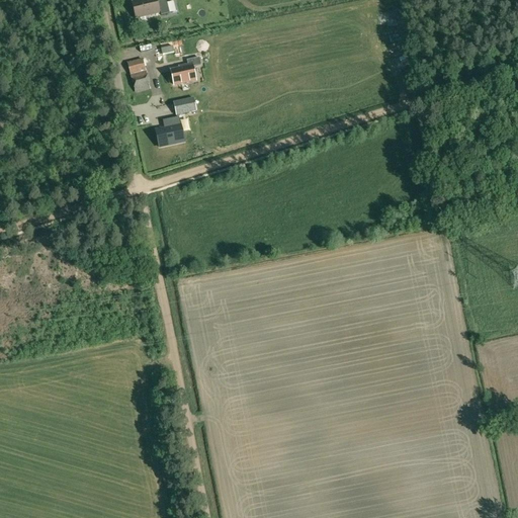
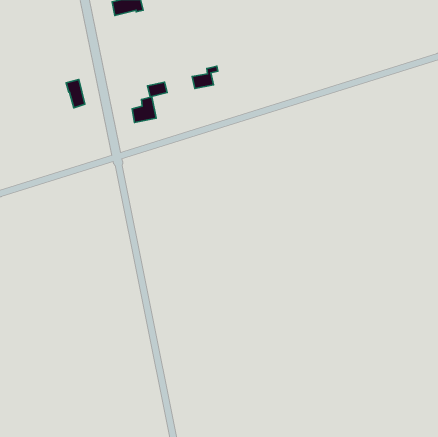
building: [170,58,200,84] -> [192,66,218,88]
building: [127,59,150,92] -> [66,79,85,108]

